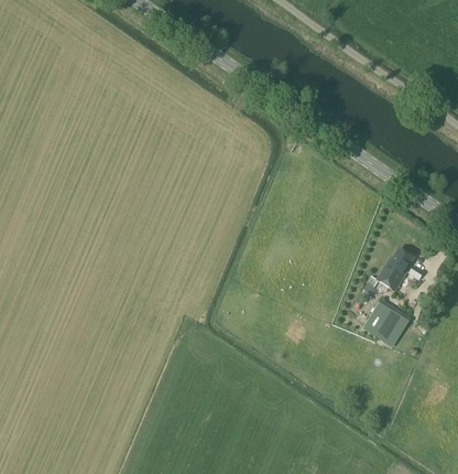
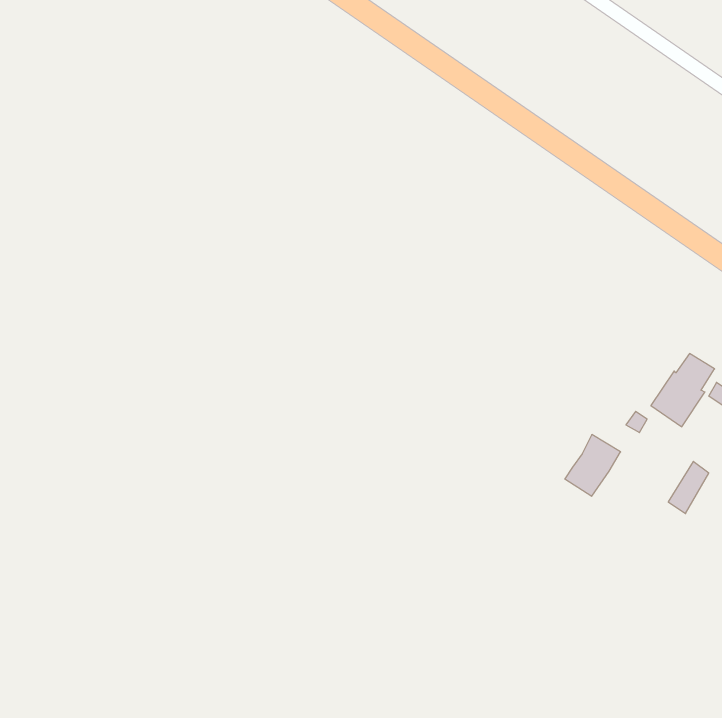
building: [363,300,395,335] -> [565,435,621,496]

